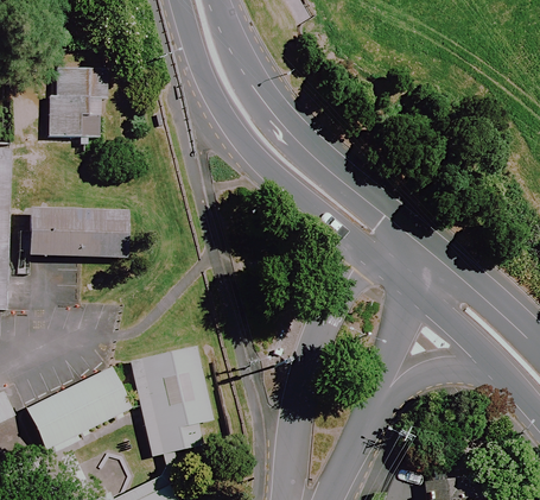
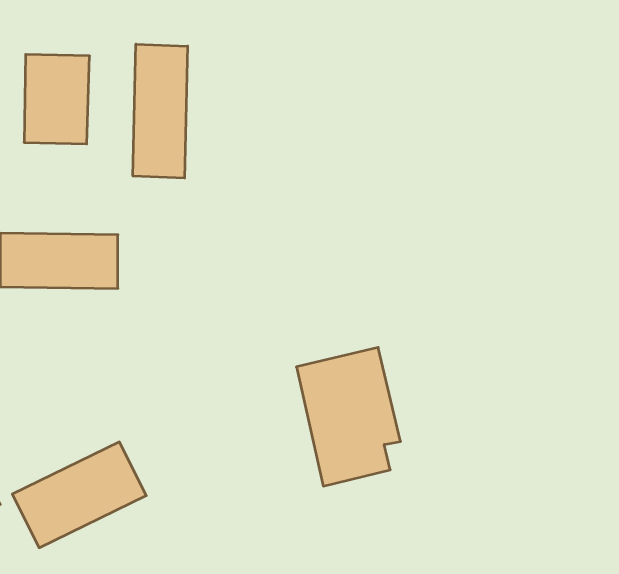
building: none -> [133,44,188,178]
building: [133,353,216,463] -> [296,347,401,486]

